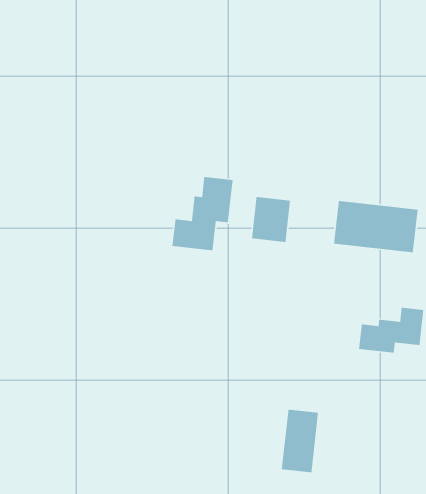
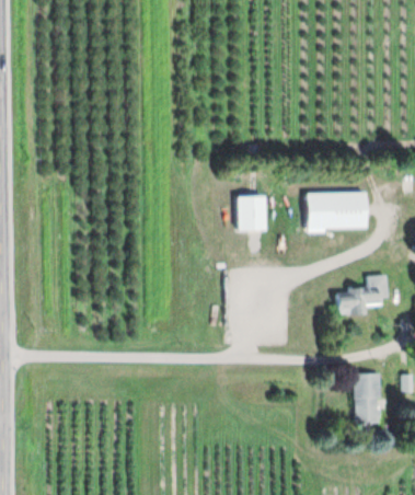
building: [172,176,233,251] -> none
building: [281,409,319,473] -> [355,373,381,425]

